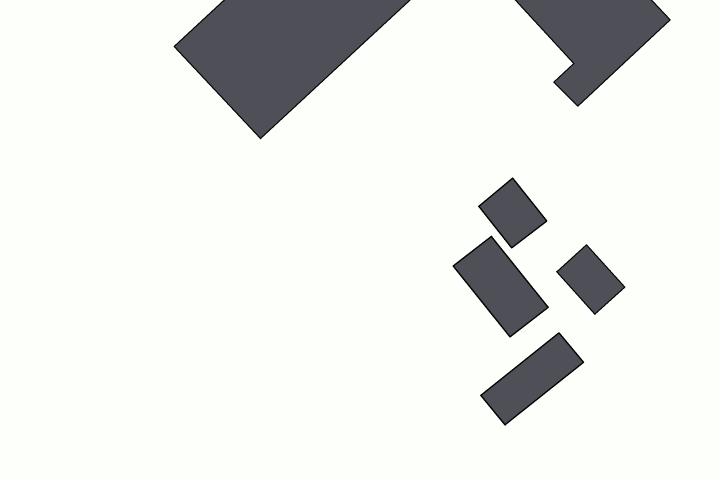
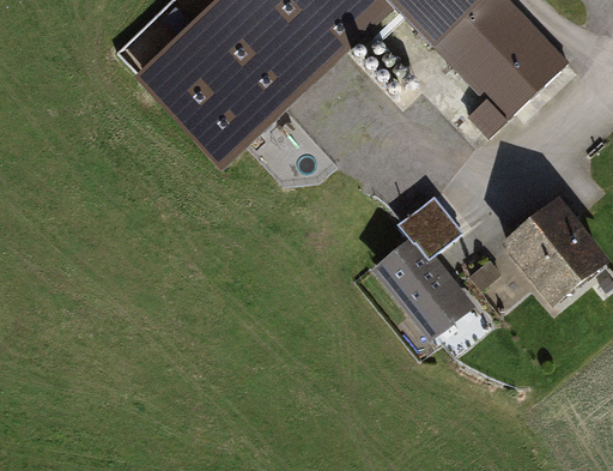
building: none -> [510,203,603,298]
building: [481,333,583,425] -> none

